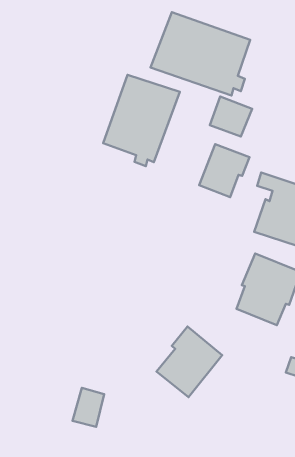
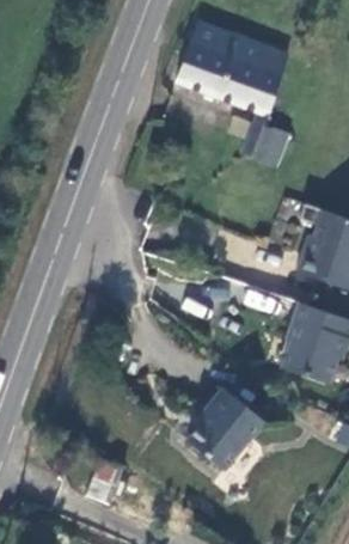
building: [103,75,180,166] -> none
building: [199,144,249,197] -> none

